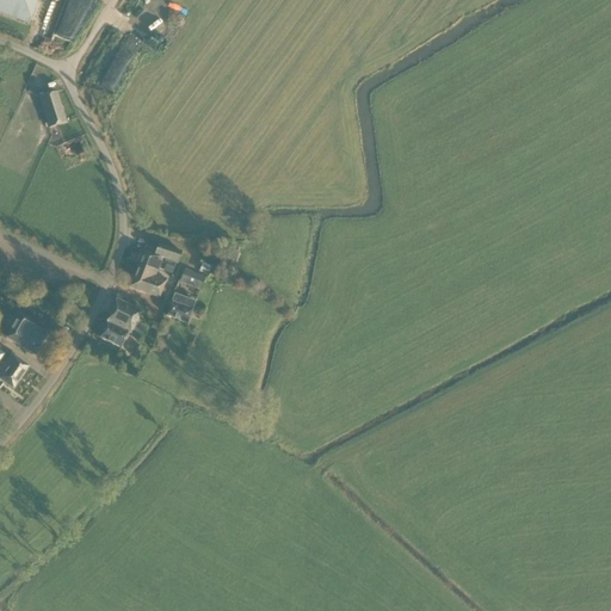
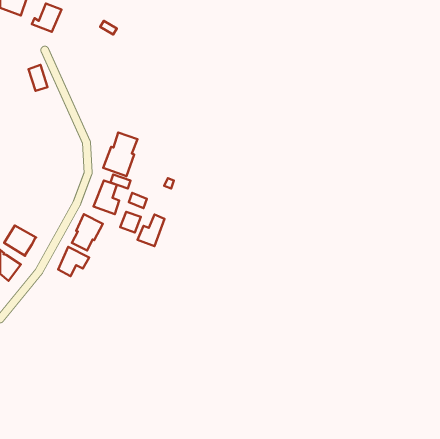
building: none -> [103,132,138,176]
building: none -> [138,214,164,246]
building: none -> [58,247,89,276]

